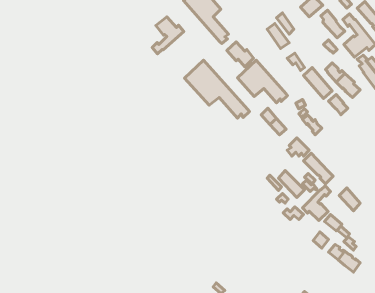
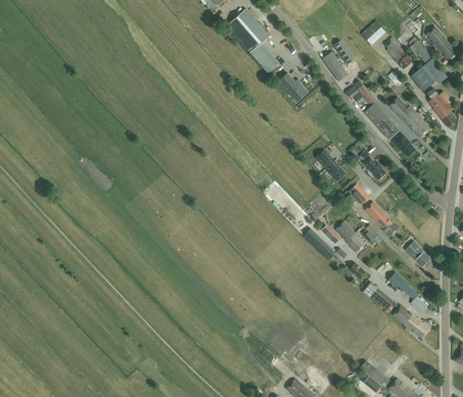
building: [152,17,184,54] -> none
building: [185,60,250,118] -> none
building: [237,60,288,103] -> none
building: [302,186,330,220] -> none

